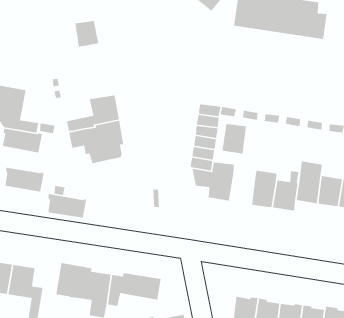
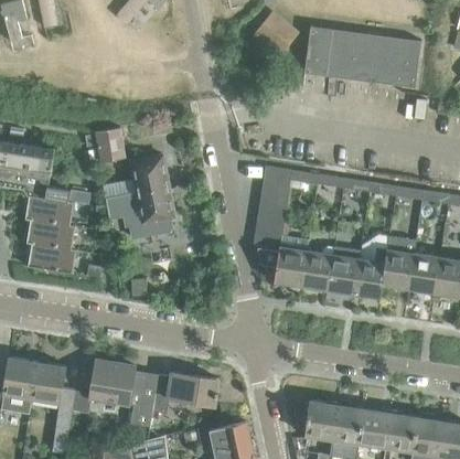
building: [75,20,99,47] -> [95,129,125,162]
building: [221,123,247,155] -> [301,252,332,290]
building: [47,193,87,219] -> [26,220,75,250]

